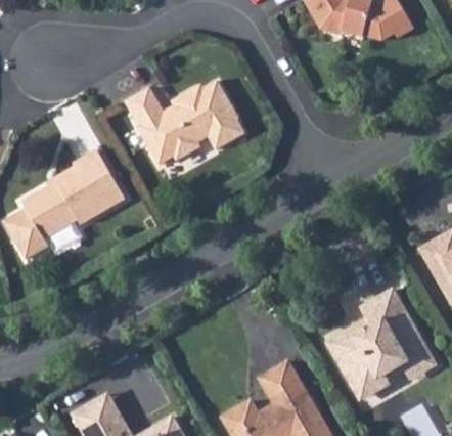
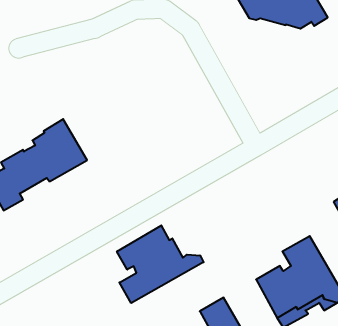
building: [126,81,244,165] -> none
building: none -> [117,225,204,303]

